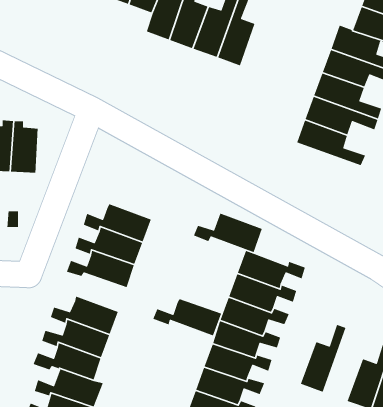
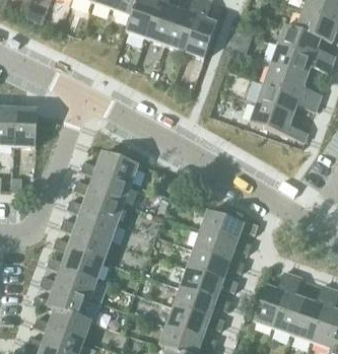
building: [193,213,263,253] -> [80,150,138,184]
building: [152,298,222,336] -> [53,228,111,260]
building: none -> [272,273,305,334]

